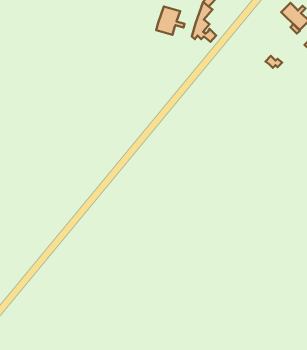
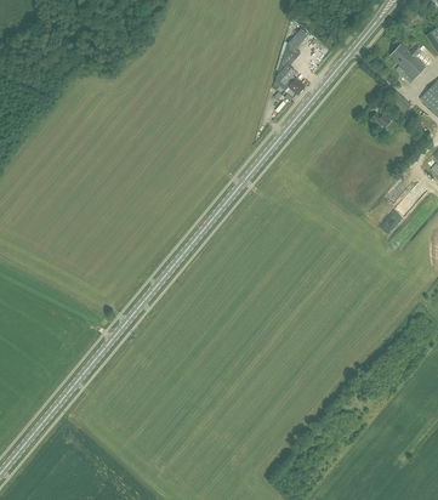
building: [156,7,185,35] -> none

